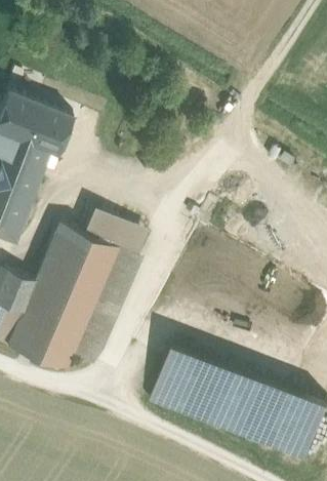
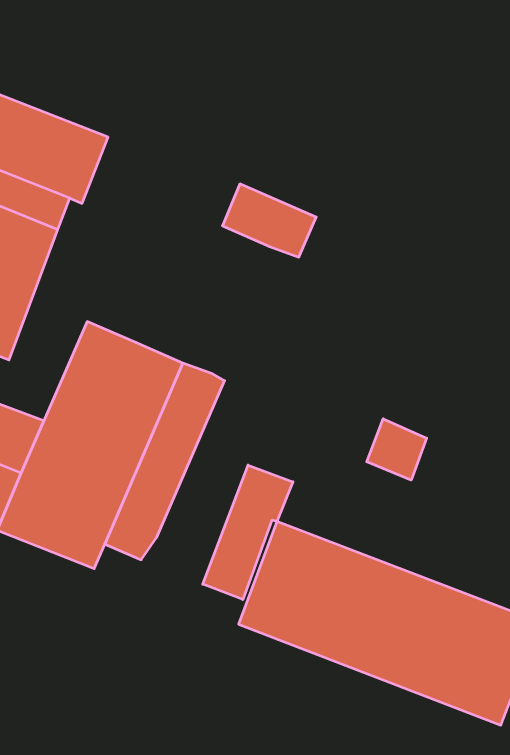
building: [89,211,145,254] -> [222,184,316,257]
building: none -> [367,419,427,480]
building: none -> [203,465,293,600]

